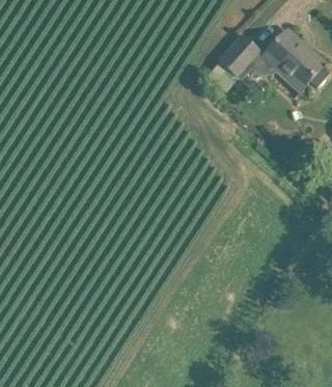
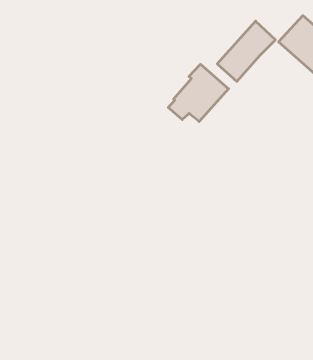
building: none -> [168,64,229,122]

